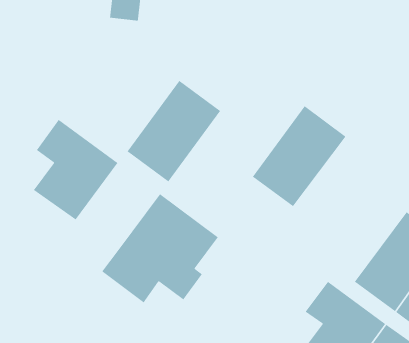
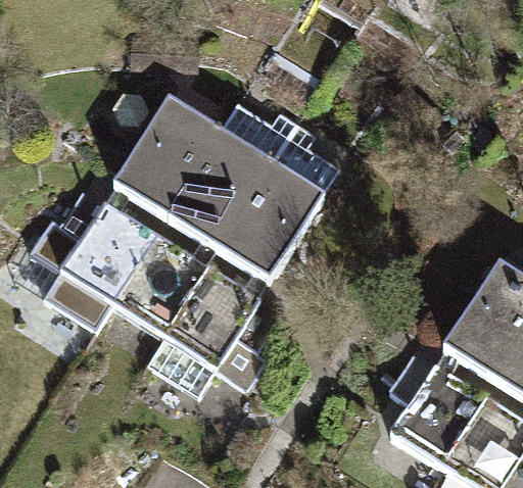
building: none -> [113,96,221,216]
building: [252,105,347,207] -> [218,160,325,281]
building: none -> [112,231,208,334]

